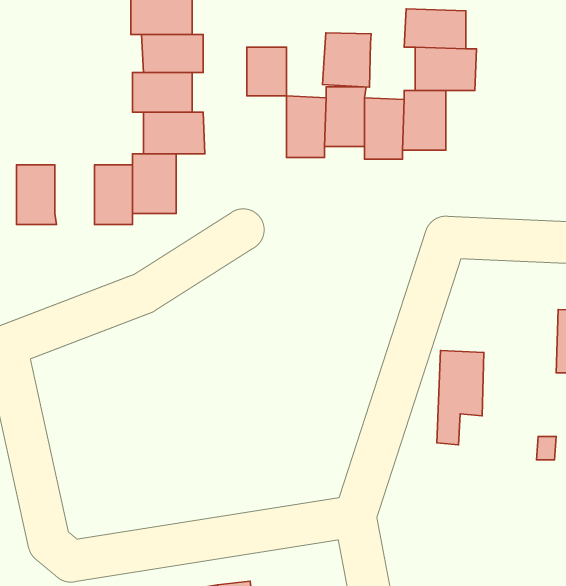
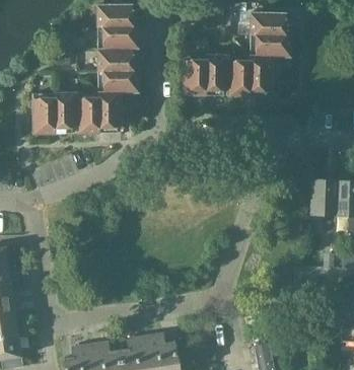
building: [322,33,371,87] -> none
building: [247,47,286,96] -> none
building: none -> [53,92,75,126]
building: [437,351,484,445] -> [308,178,335,231]

